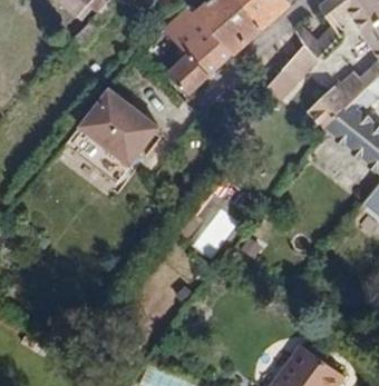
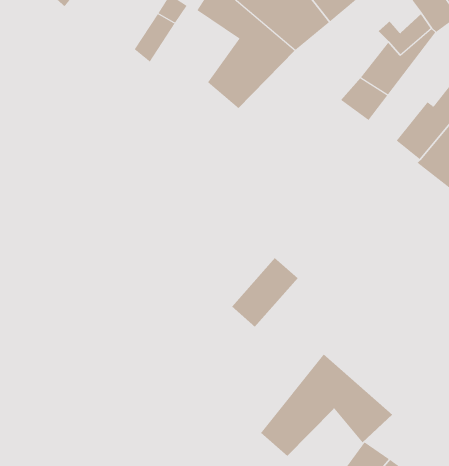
building: [61,91,149,180] -> none
building: none -> [260,354,393,457]

